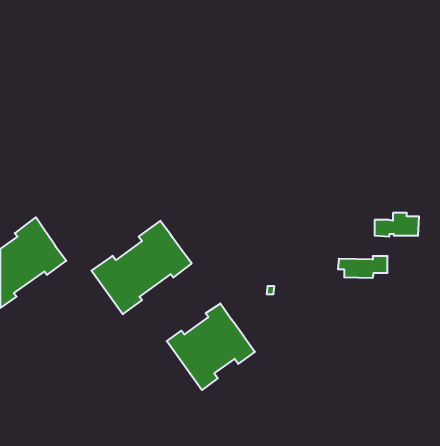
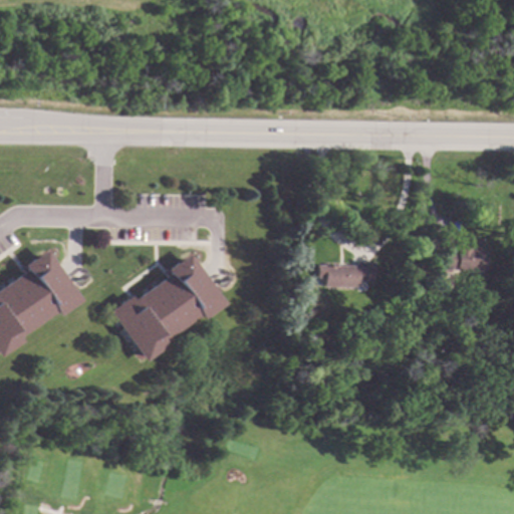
building: [338,256,388,278] -> [321,262,378,287]
building: [167,303,255,390] -> none

